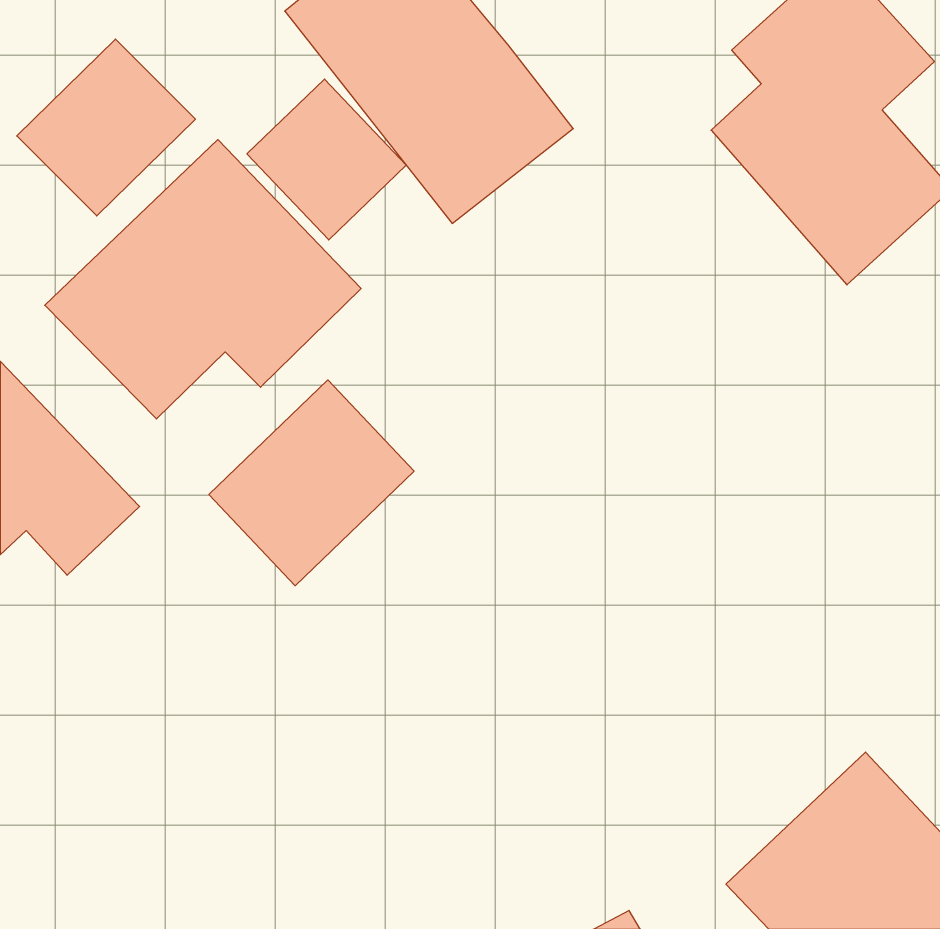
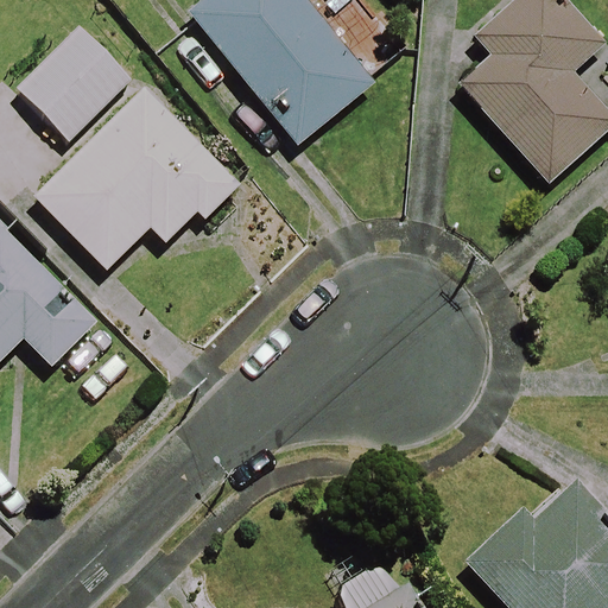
building: [247,79,406,240] -> none
building: [209,380,414,586] -> none

